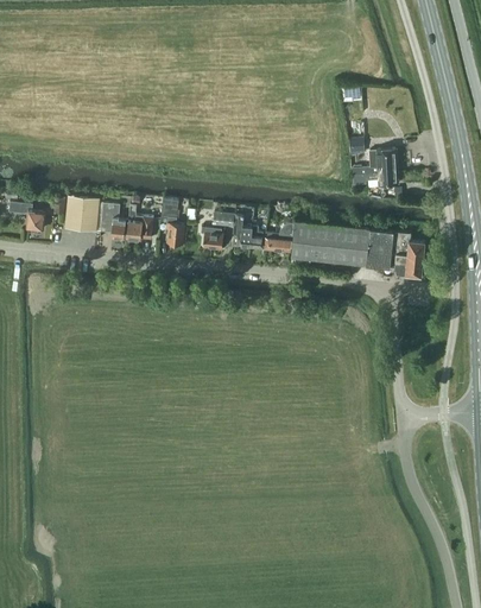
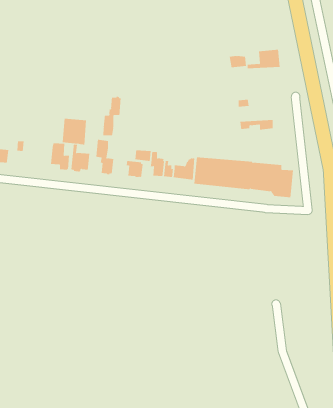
building: none -> [103,96,121,136]
building: [353,148,398,175] -> [247,49,281,69]
building: [65,196,99,232] -> [62,118,87,145]

